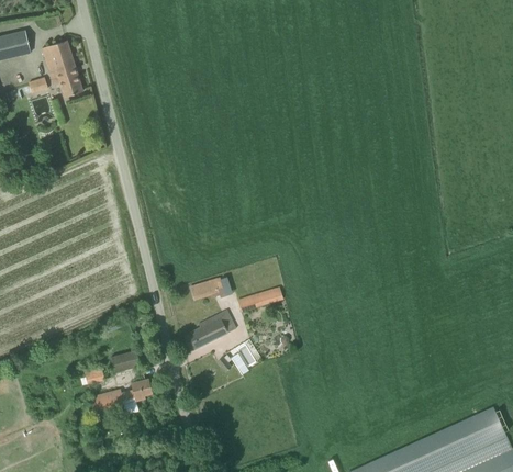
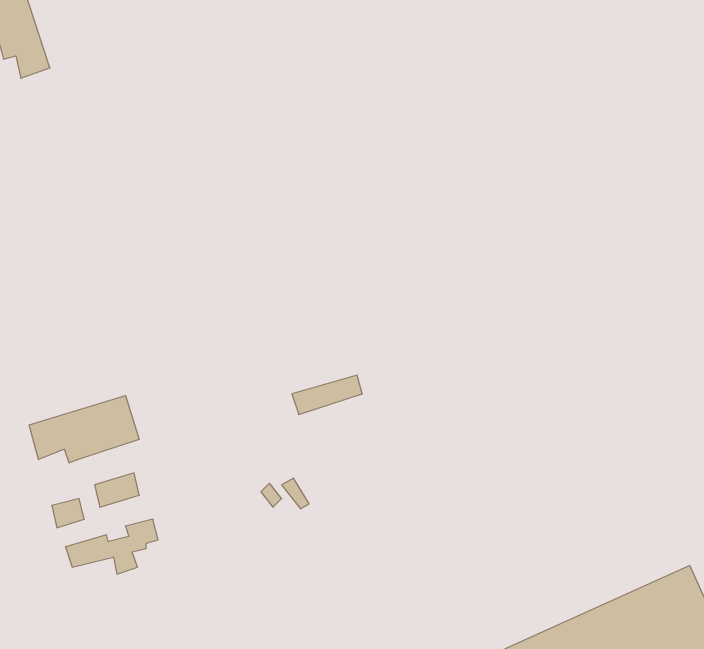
building: [190,278,225,300] -> none
building: none -> [29,396,139,463]
building: [183,311,236,351] -> none

